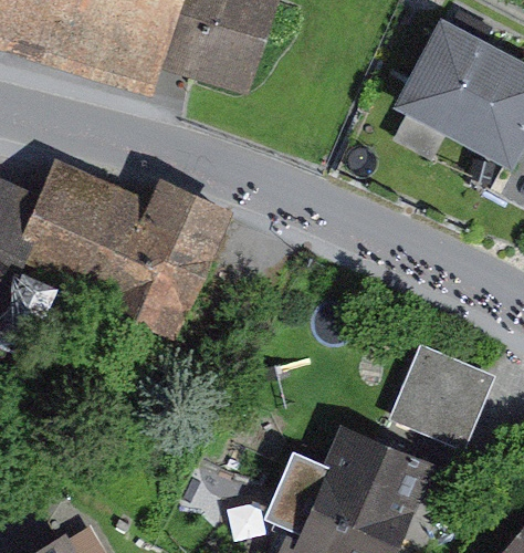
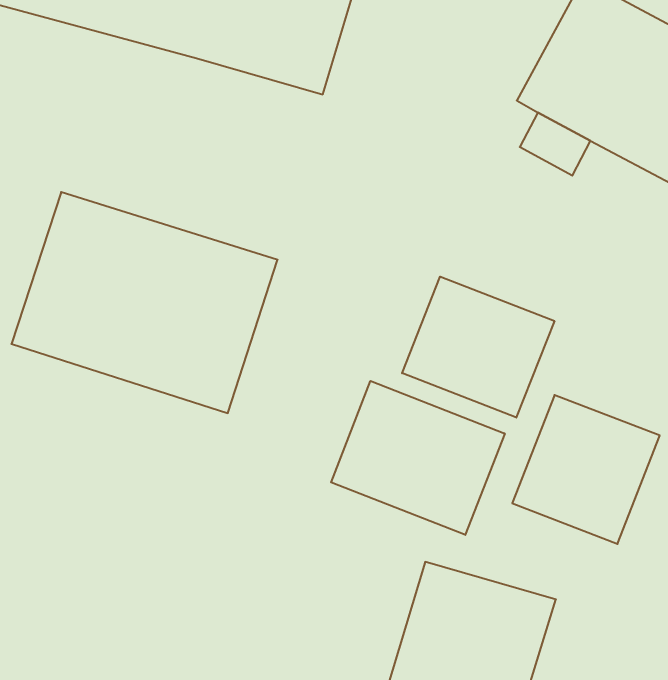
building: none -> [402,277,554,418]
building: none -> [331,381,505,535]

